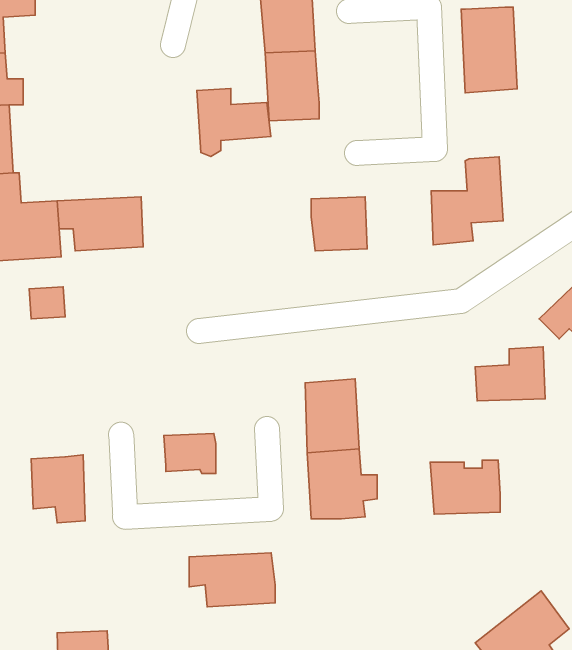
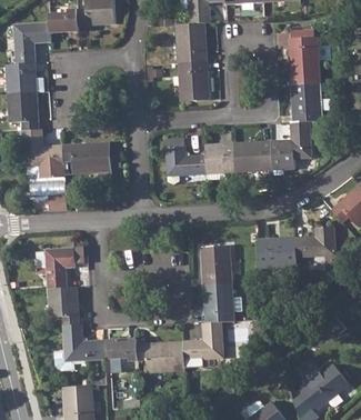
building: [197,88,271,156] -> [166,147,207,184]
building: none -> [290,83,321,122]
building: none -> [234,140,272,172]
building: none -> [47,248,76,289]
building: [164,434,216,474] -> [108,338,137,360]
building: [430,460,500,514] -> [258,238,297,268]
building: none -> [182,322,223,359]
building: none -> [63,323,103,360]

